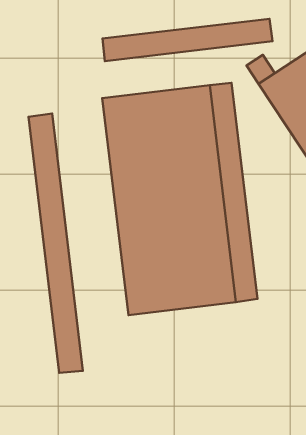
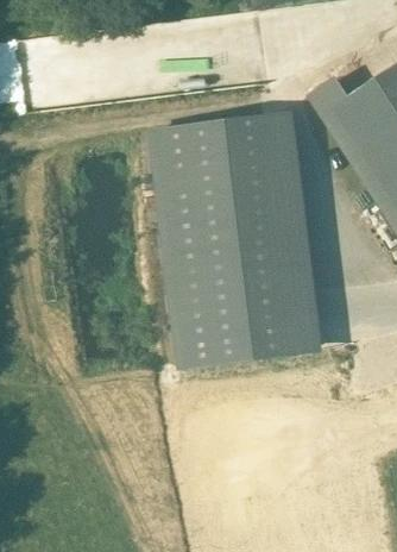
building: [103,19,273,61] -> none
building: [28,114,83,373] -> none

